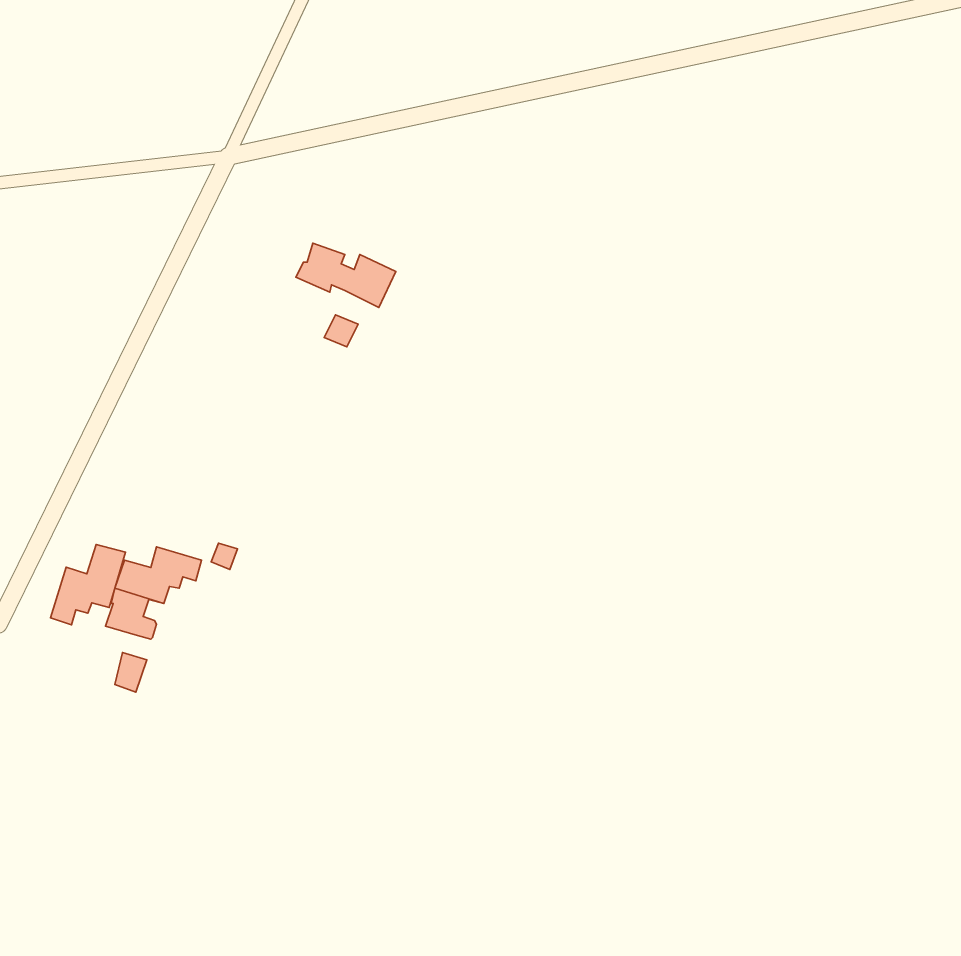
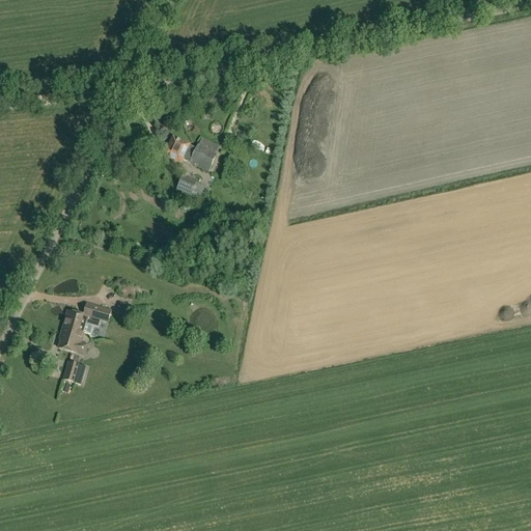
building: [51,544,126,625] -> none

